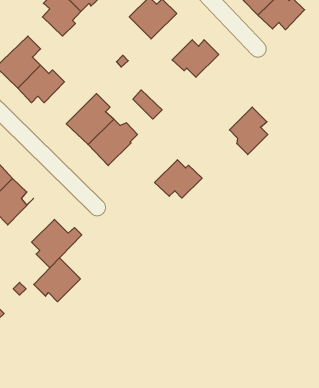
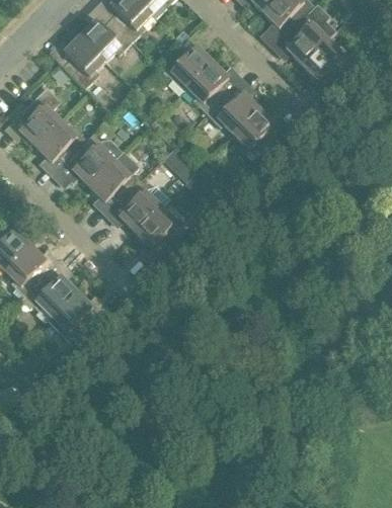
building: none -> [186,61,228,112]
building: none -> [58,131,122,183]
building: [229,107,268,155] -> [232,106,275,159]
building: [155,160,202,198] -> [135,204,187,247]
building: [34,258,80,302] -> [23,266,75,315]

